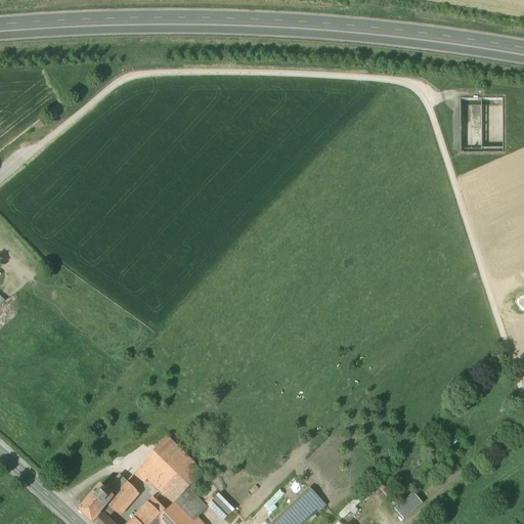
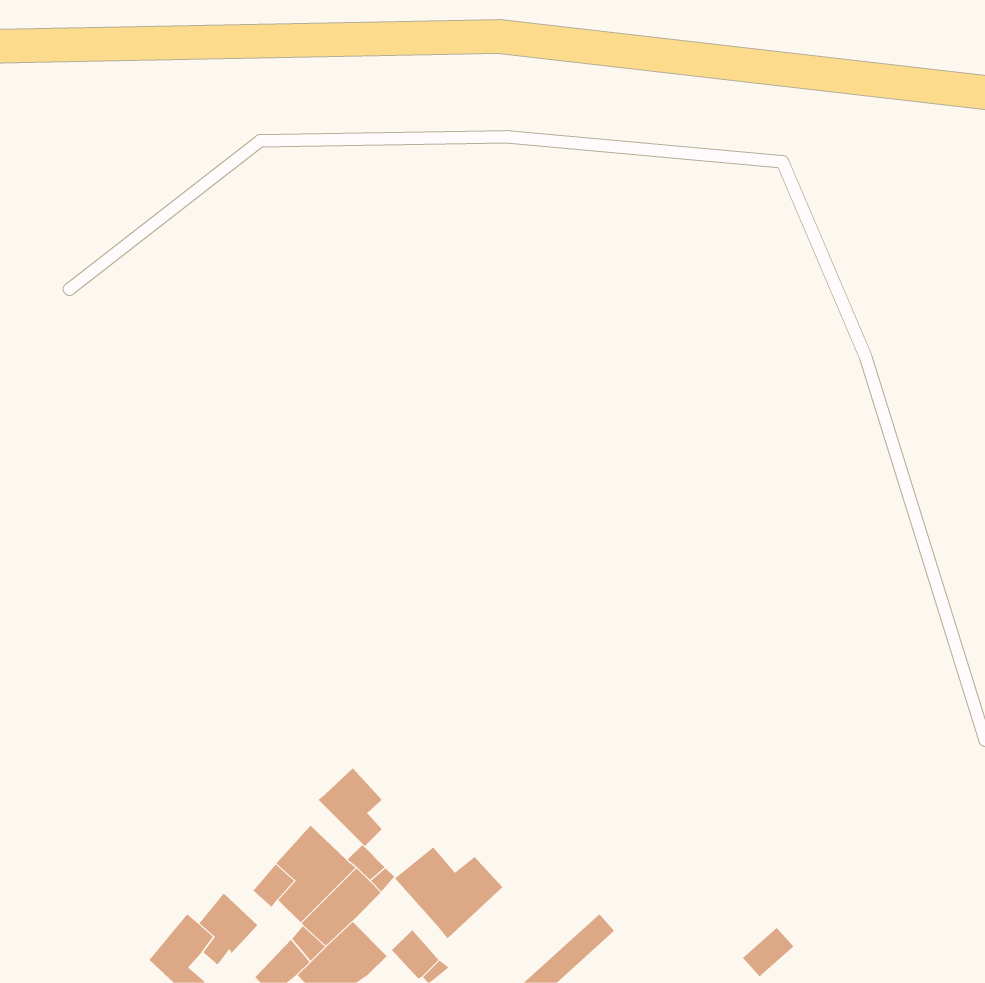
building: none -> [318,767,383,847]
building: none -> [394,847,503,939]

